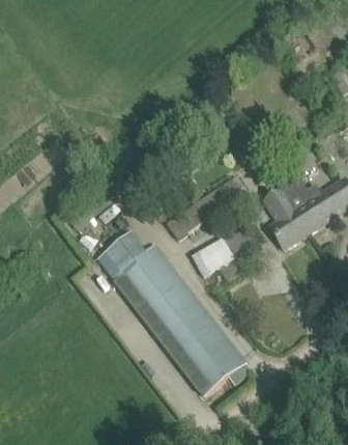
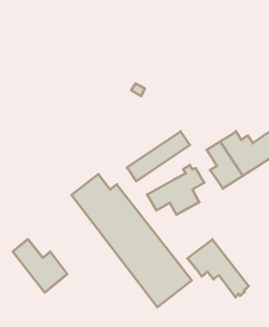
building: none -> [13,239,67,292]
building: none -> [187,239,249,297]

